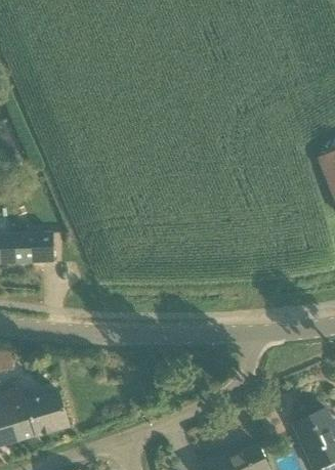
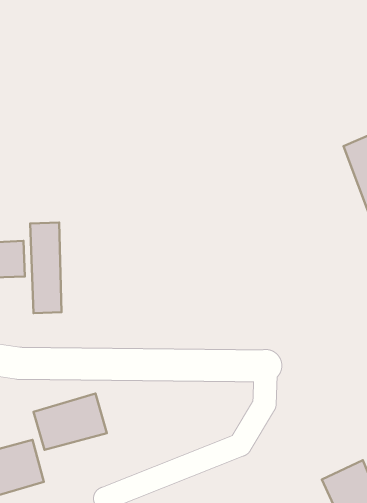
building: none -> [30,222,61,313]
building: none -> [33,393,107,450]

